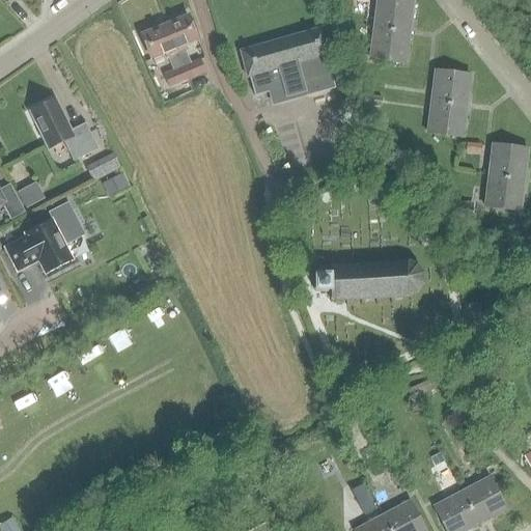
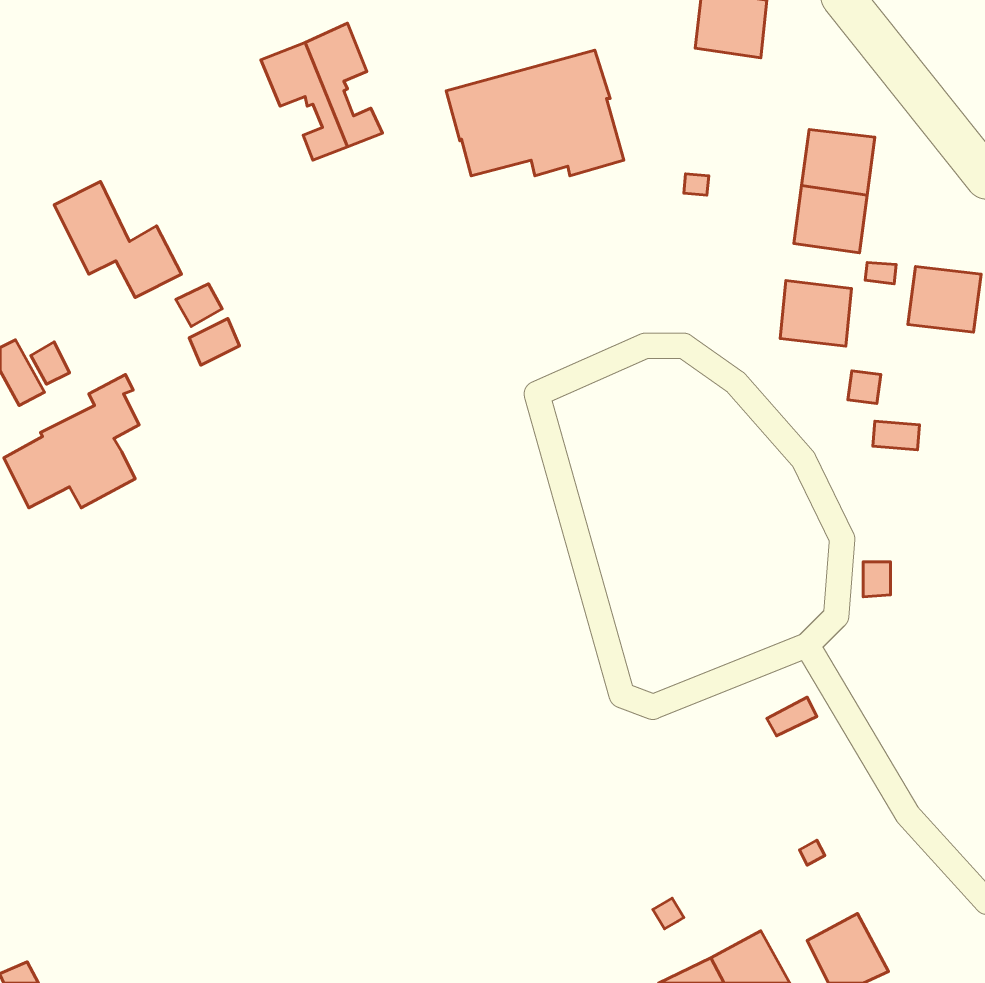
building: [370,26,410,61] -> none
building: [485,174,524,209] -> [780,281,852,346]
building: [314,260,423,304] -> none
building: [462,476,506,522] -> none

